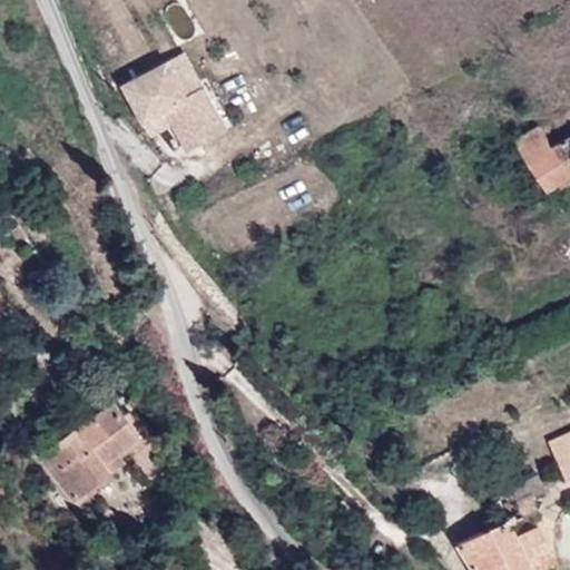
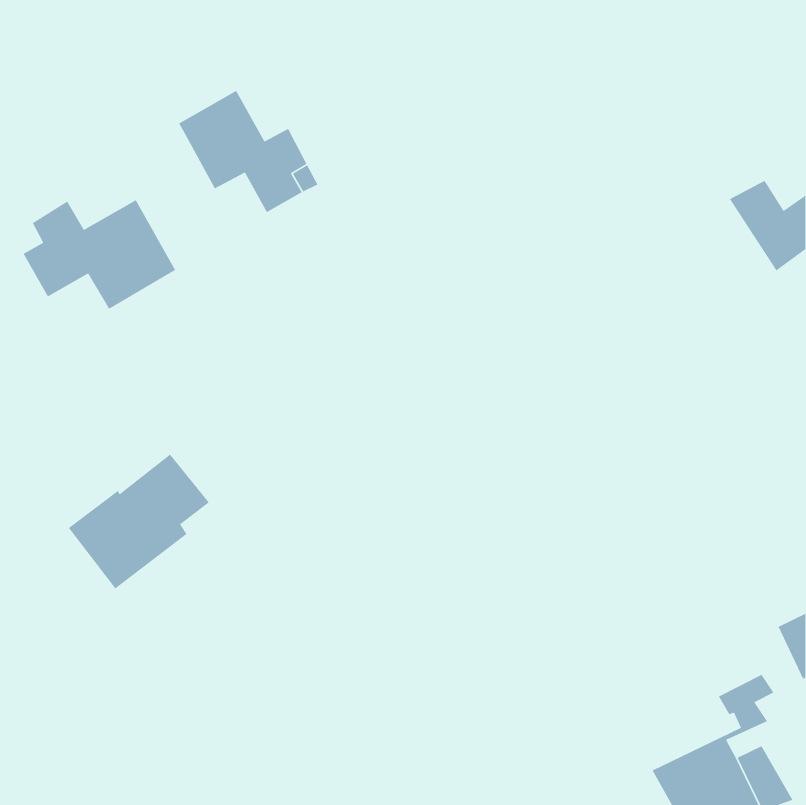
building: none -> [22,199,176,310]
building: [42,404,142,500] -> [68,454,210,589]

